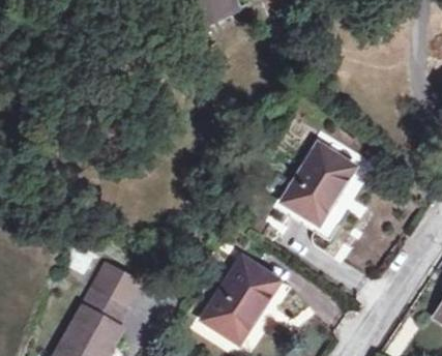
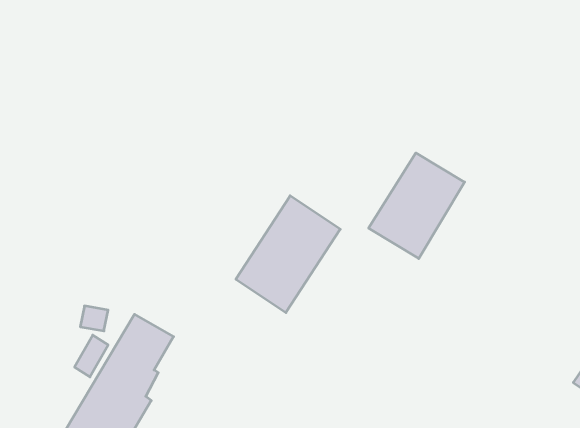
building: [201,257,278,344] -> [236,196,340,313]

